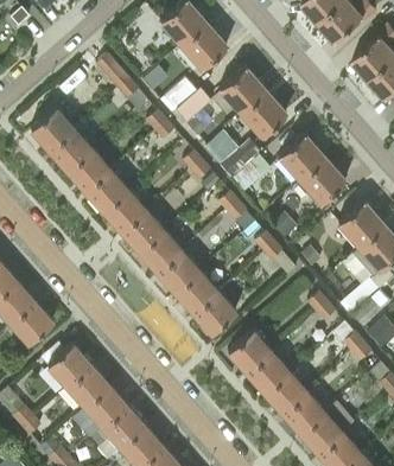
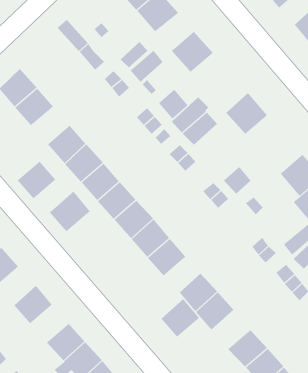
building: [241,90,287,135] -> none
building: [66,148,109,190] -> [17,161,56,199]
building: [300,158,345,203] -> none
building: none -> [49,191,90,232]
building: [65,364,108,406] -> none
building: [263,370,306,413] -> [161,298,200,337]

